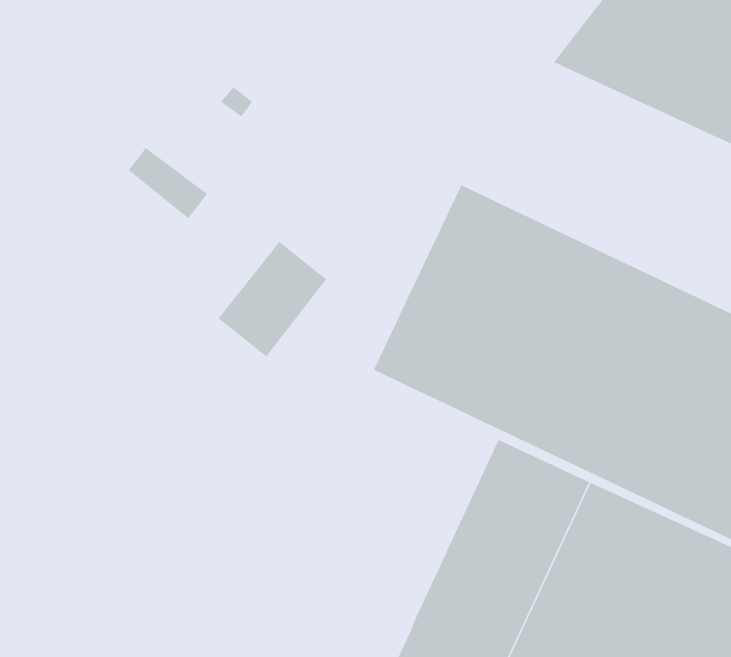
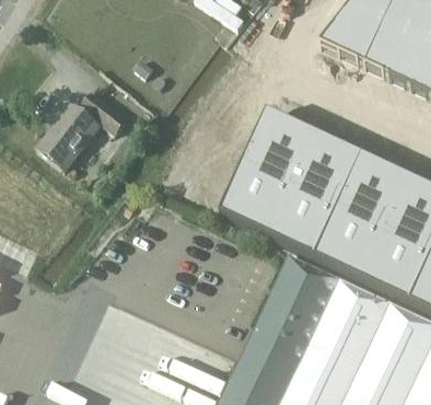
building: [217,240,327,358] -> [39,99,101,164]

